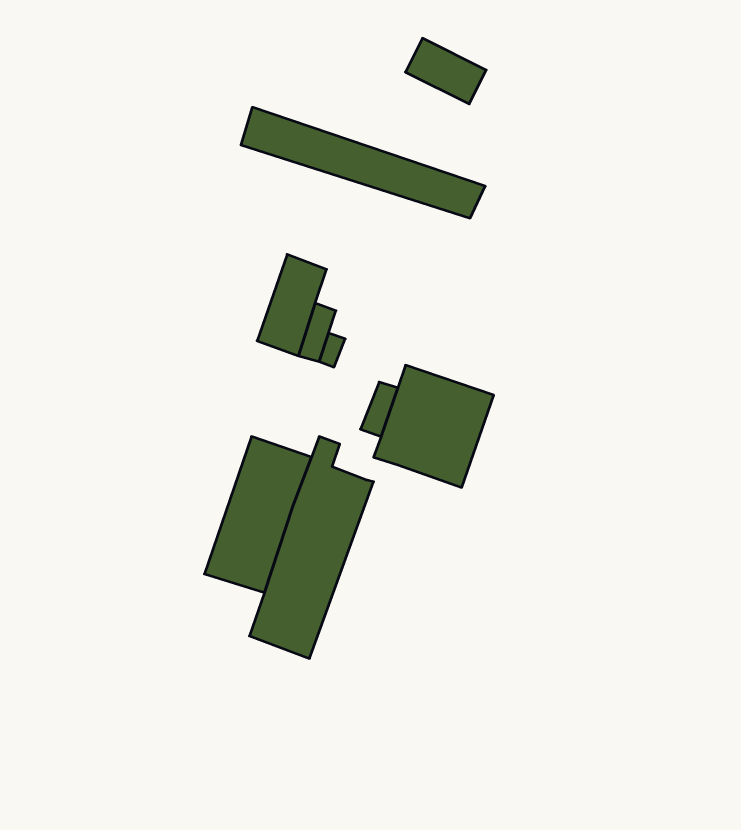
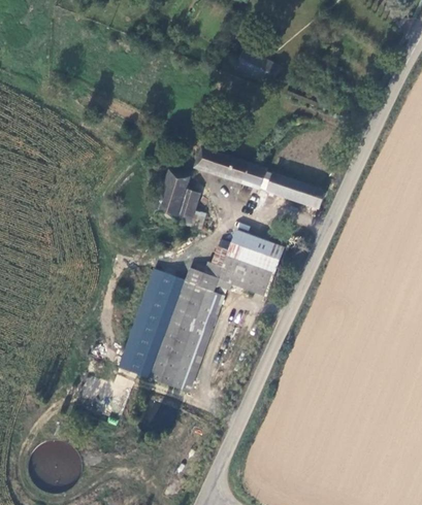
building: [241,107,485,218] -> [197,148,331,209]
building: none -> [195,263,231,293]
building: none -> [117,344,158,378]

